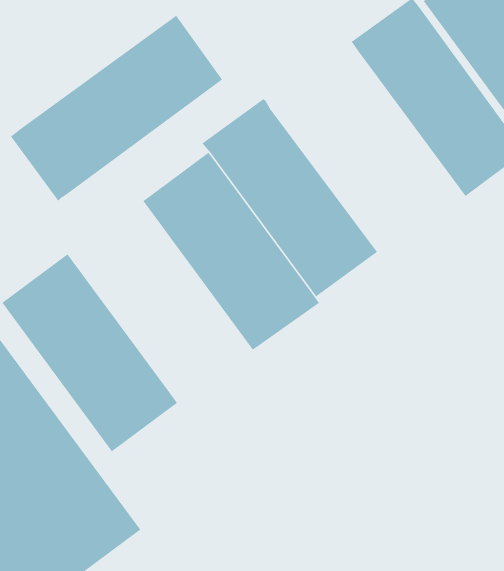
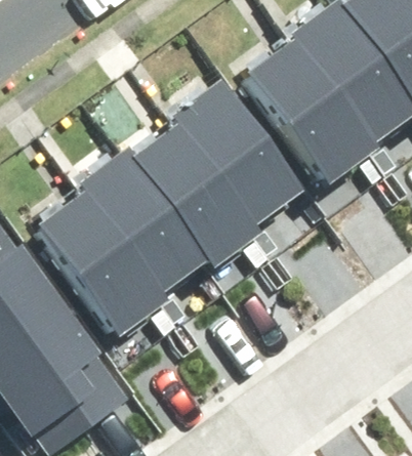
building: [10,15,223,202] -> none
building: none -> [243,45,371,190]
building: none -> [75,152,203,297]

